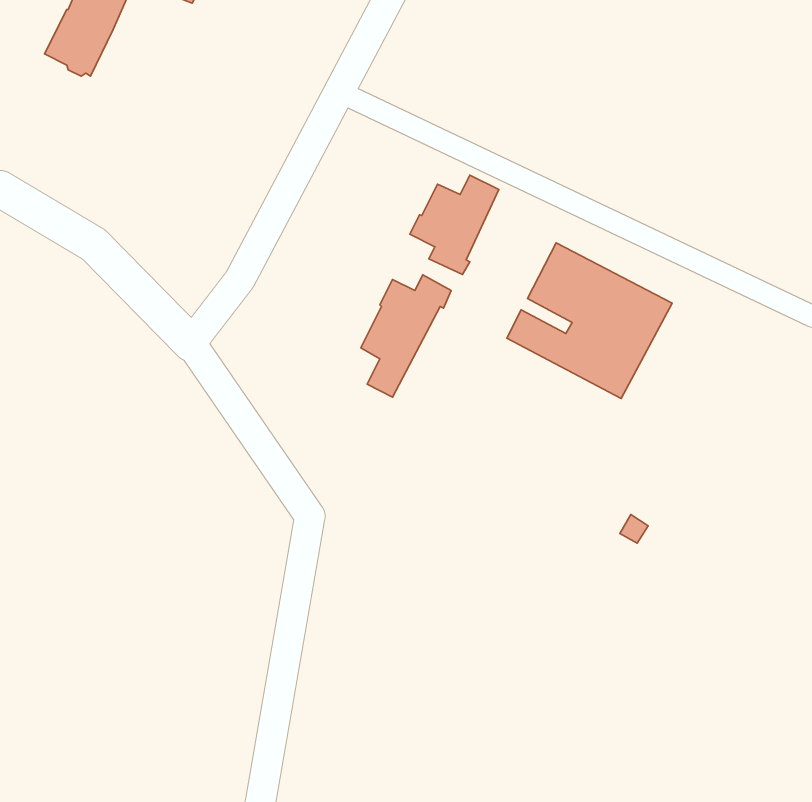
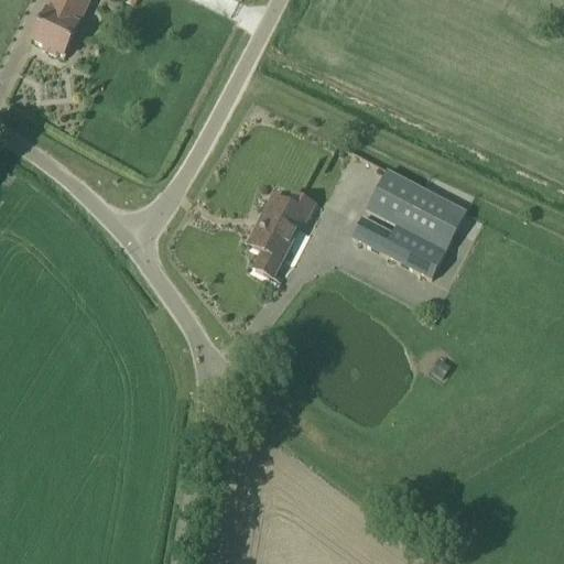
building: [410,175,499,274] -> none

